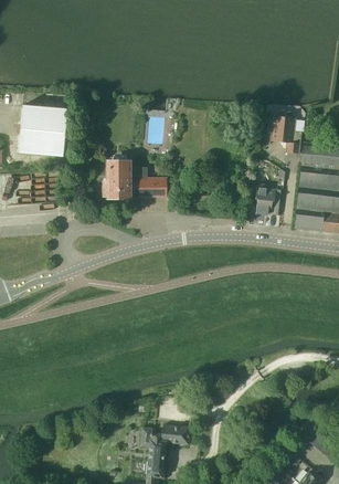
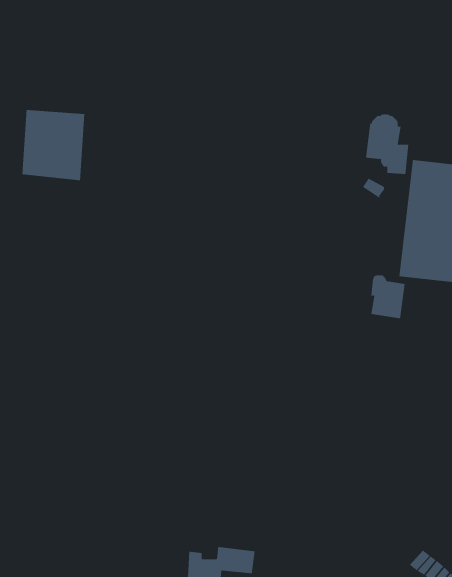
building: [103,164,167,198] -> none
building: [256,183,282,215] -> [371,275,405,319]

